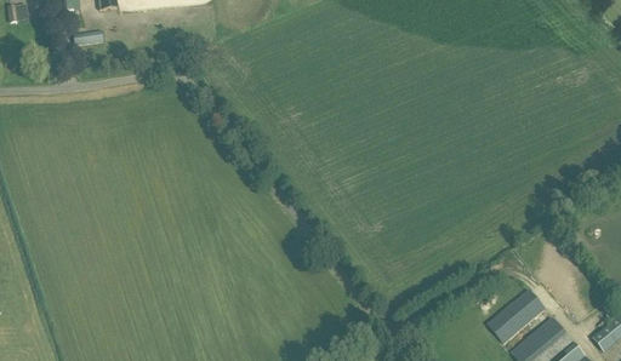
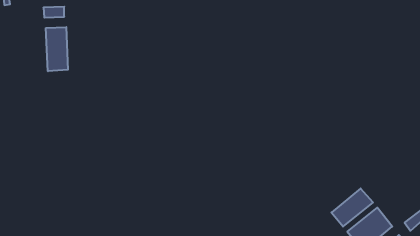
building: none -> [46,27,68,71]

